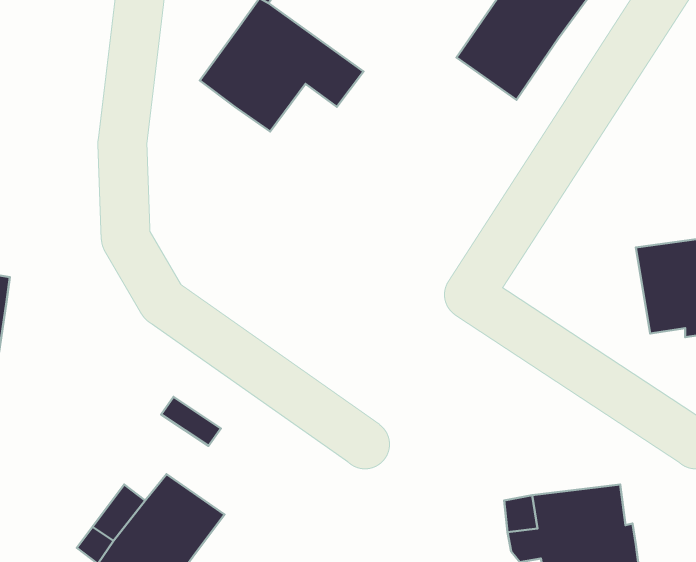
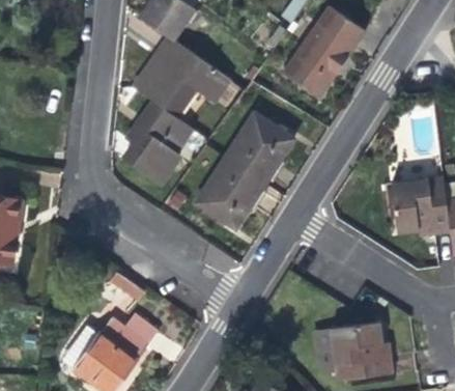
building: none -> [123,101,191,184]
building: none -> [196,114,294,227]

